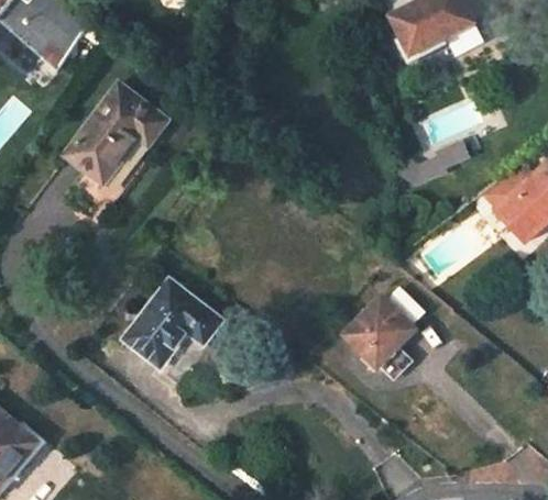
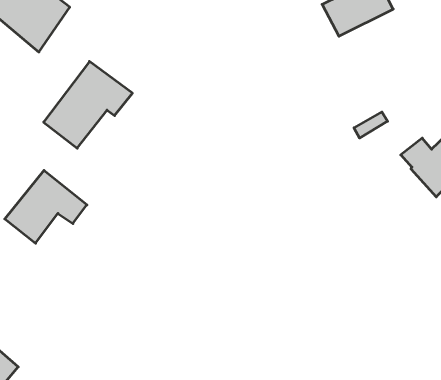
building: [124,281,221,367] -> [5,170,87,243]
building: [344,296,414,365] -> none

